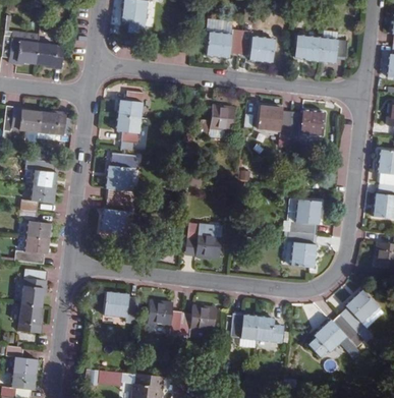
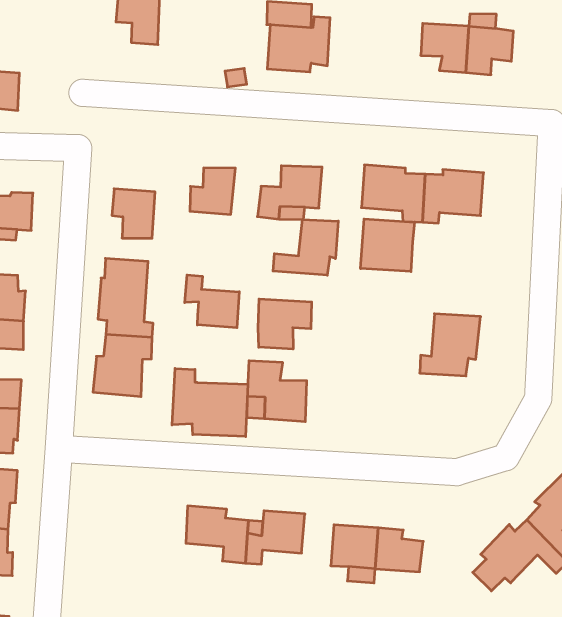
building: [239,24,275,61] -> none
building: [113,92,140,119] -> [190,168,235,214]
building: none -> [273,220,338,275]
building: none -> [361,219,415,272]
building: none -> [185,275,239,328]
building: none -> [258,299,312,349]
building: none -> [172,368,248,437]
building: [282,231,314,269] -> none
building: [101,290,138,321] -> none

